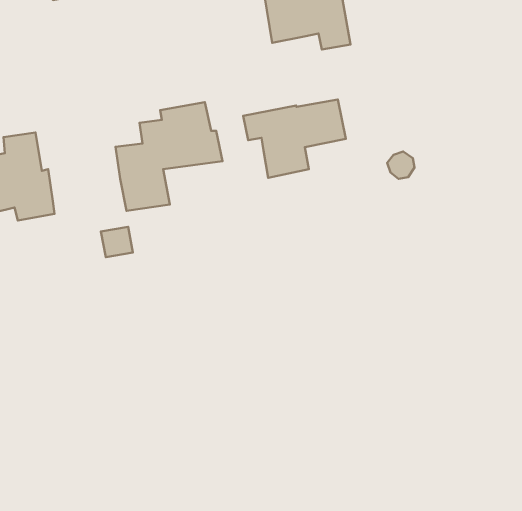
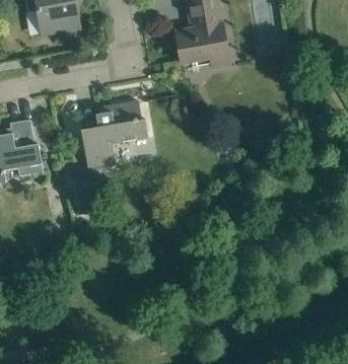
building: [243,99,346,178] -> none

